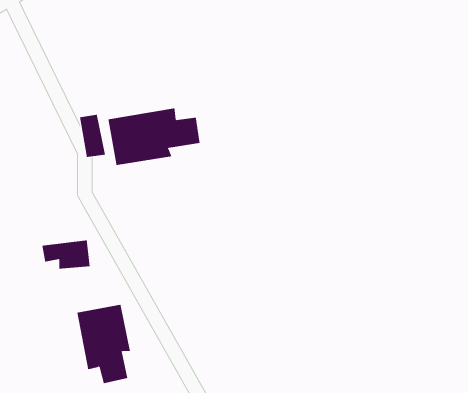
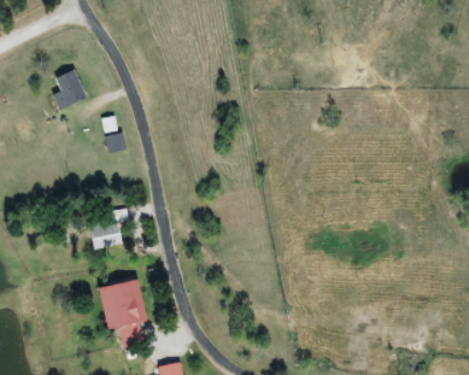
building: none -> [53,68,89,110]
building: [108,107,200,166] -> none

